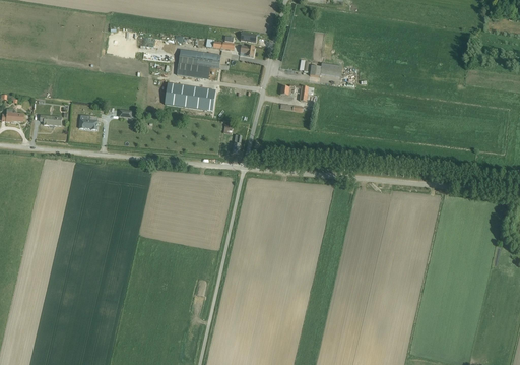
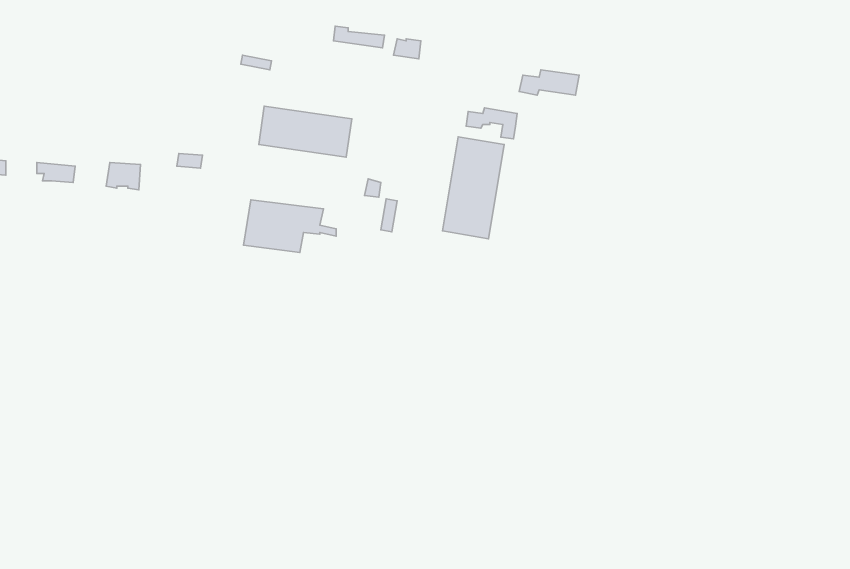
building: [177,49,229,78] -> [243,200,336,252]
building: none -> [443,137,504,239]

